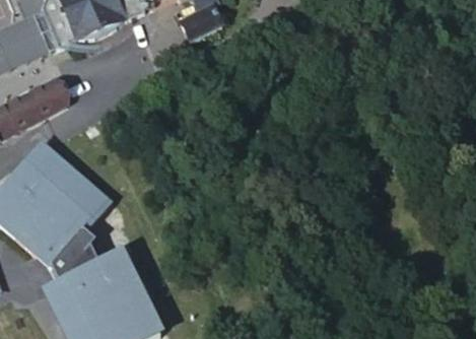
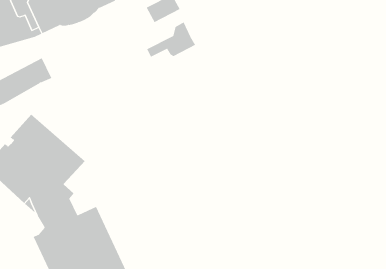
building: none -> [147,21,196,58]

